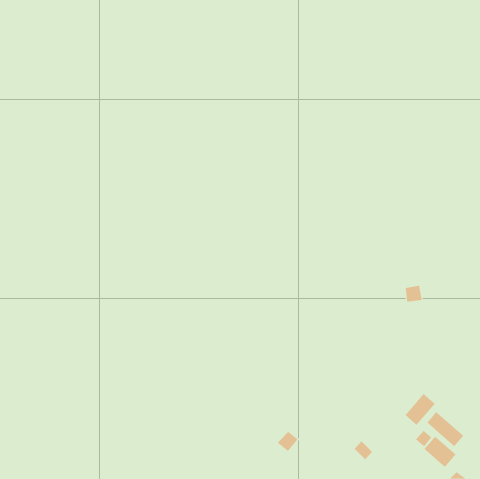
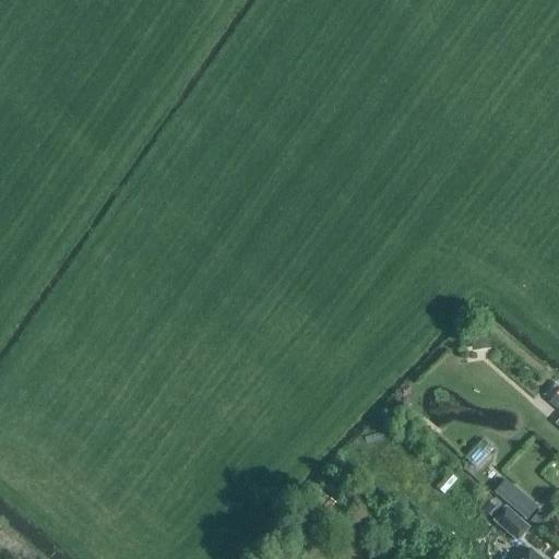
building: [405,393,435,425] -> none

